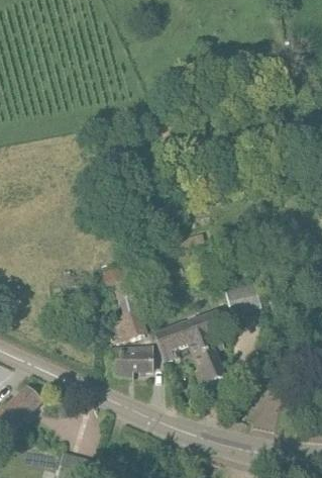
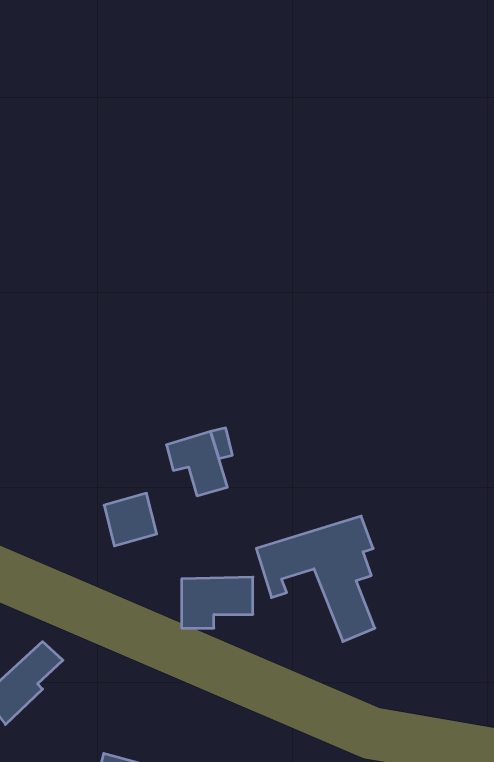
building: [223,277,261,309] -> none
building: [116,308,147,340] -> [104,493,157,546]

